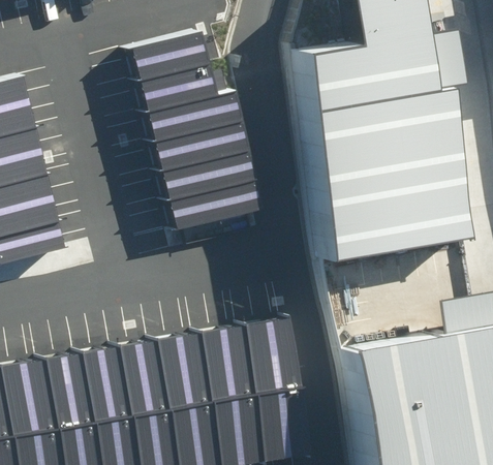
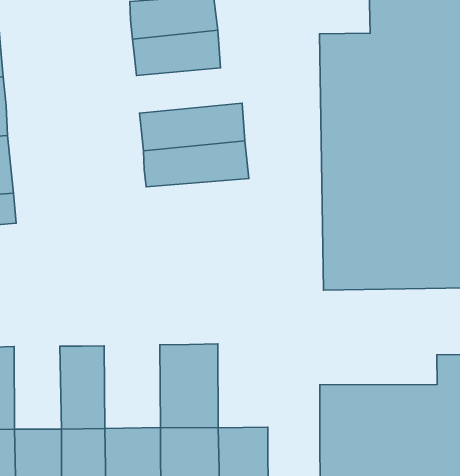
building: [145,87,237,138] -> none
building: [167,179,260,230] -> none
building: [248,315,301,392] -> none
building: [153,330,211,407] -> none
building: [78,344,128,420] -> none

